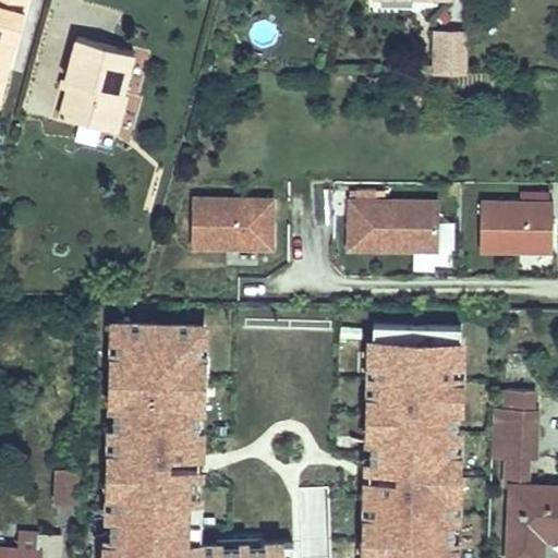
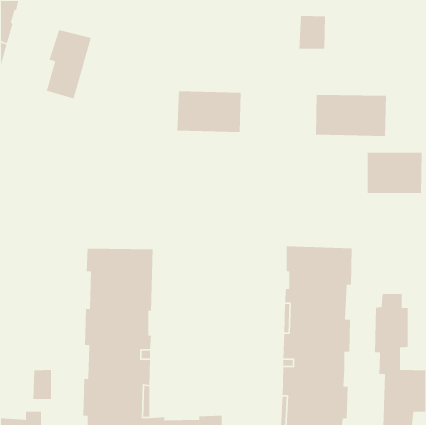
building: [437,33,473,77] -> [298,15,326,49]
building: [97,51,134,137] -> none
building: [189,196,274,252] -> [176,90,241,133]
building: [345,198,439,254] -> [315,94,387,137]

